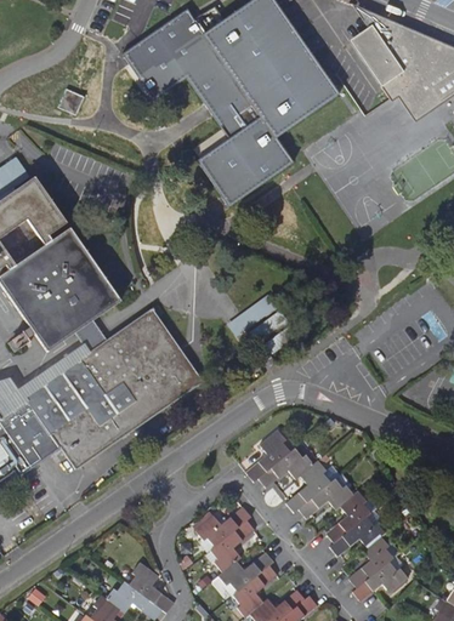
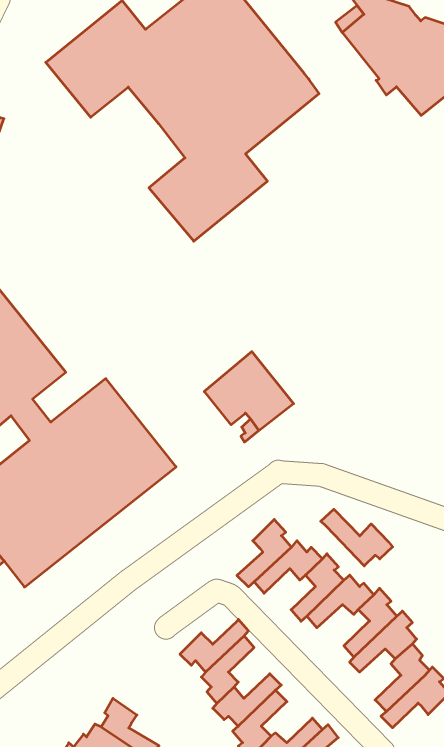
building: none -> [321,509,393,566]

